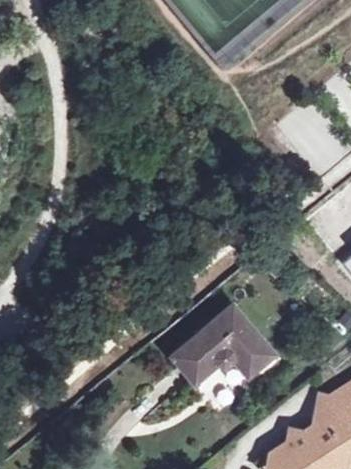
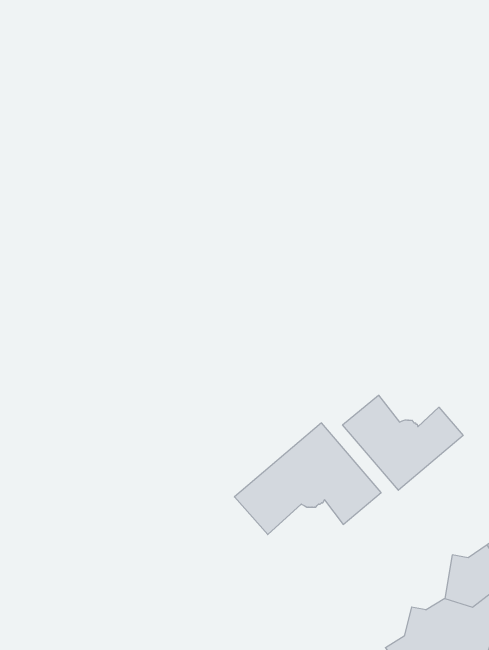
building: none -> [343,395,463,490]

